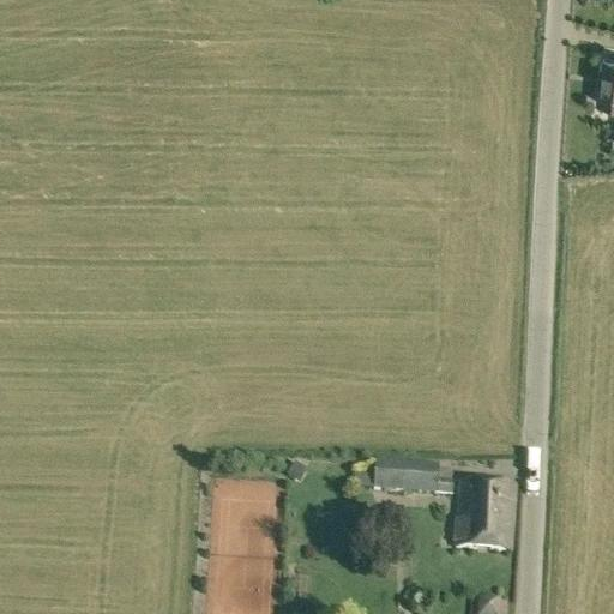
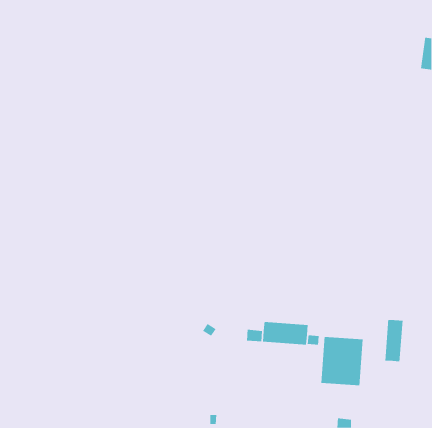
building: none -> [385,319,403,362]

